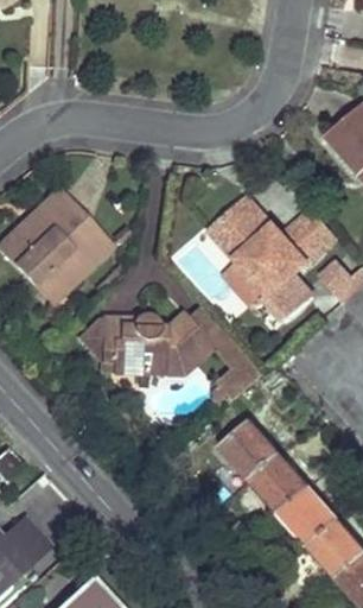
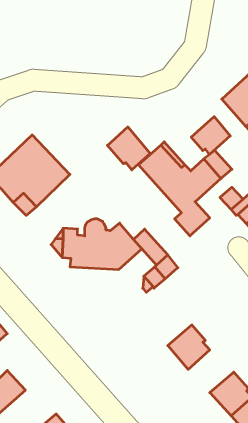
building: none -> [191,117,230,154]
building: none -> [107,127,150,170]
building: [216,420,280,481] -> none
building: [275,487,338,546] -> none

